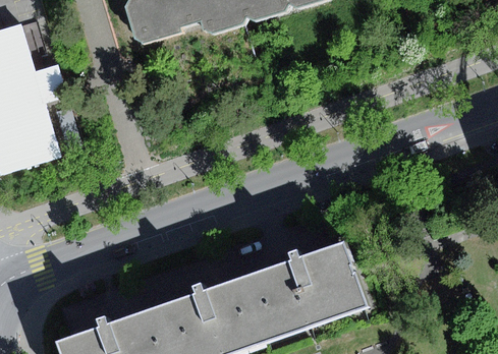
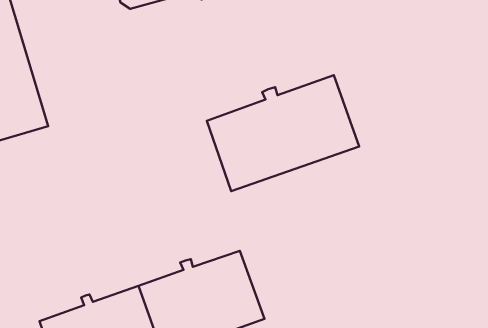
building: none -> [207,75,359,191]
building: [247,241,367,340] -> none

